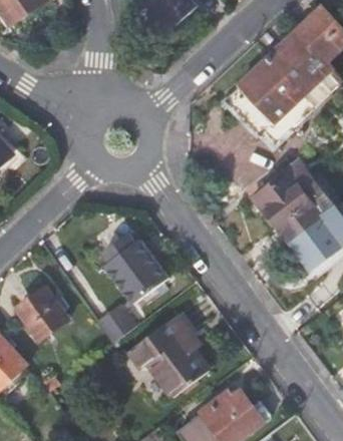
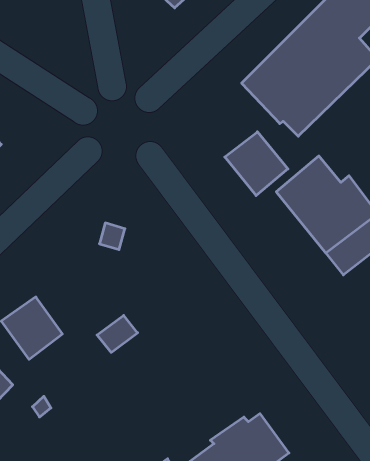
building: none -> [225,132,288,196]
building: [104,239,167,305] -> none
building: [127,314,210,397] -> none

